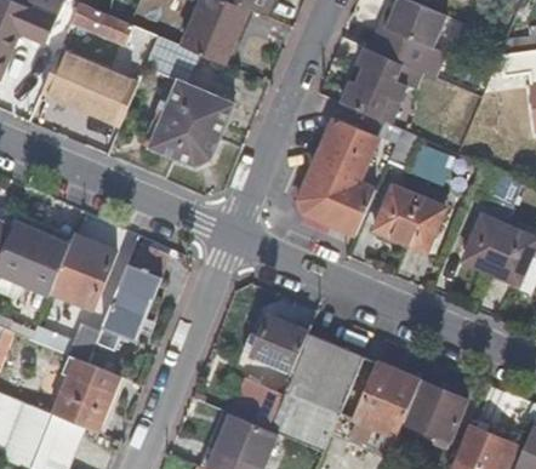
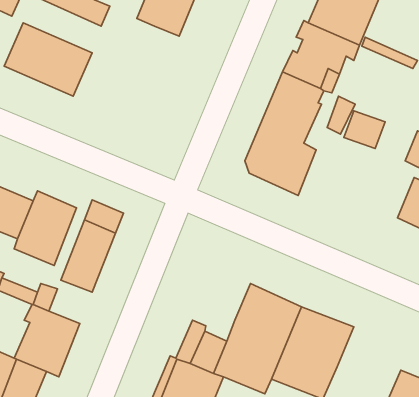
building: [146,34,235,165] -> none
building: [377,187,445,252] -> none
building: [249,316,306,372] -> none
building: [400,379,467,442] -> none

